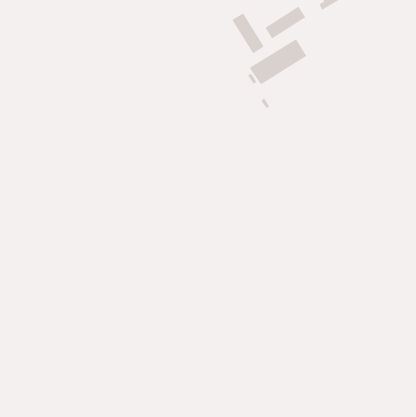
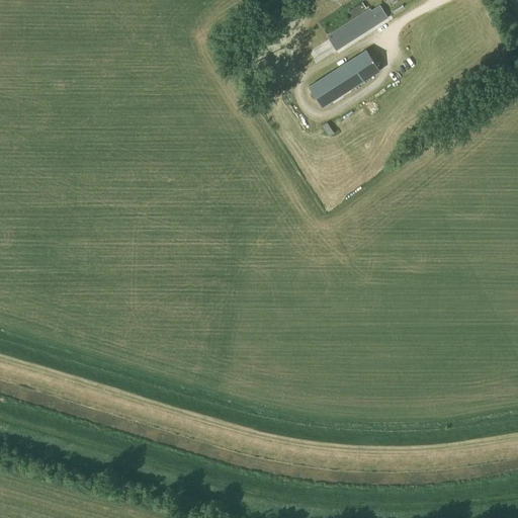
building: [232,12,265,54] -> none

